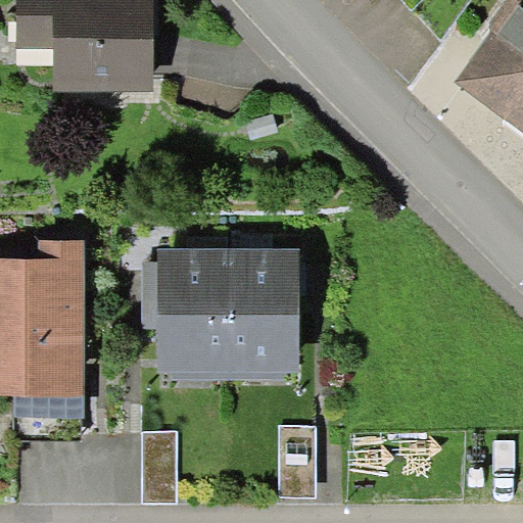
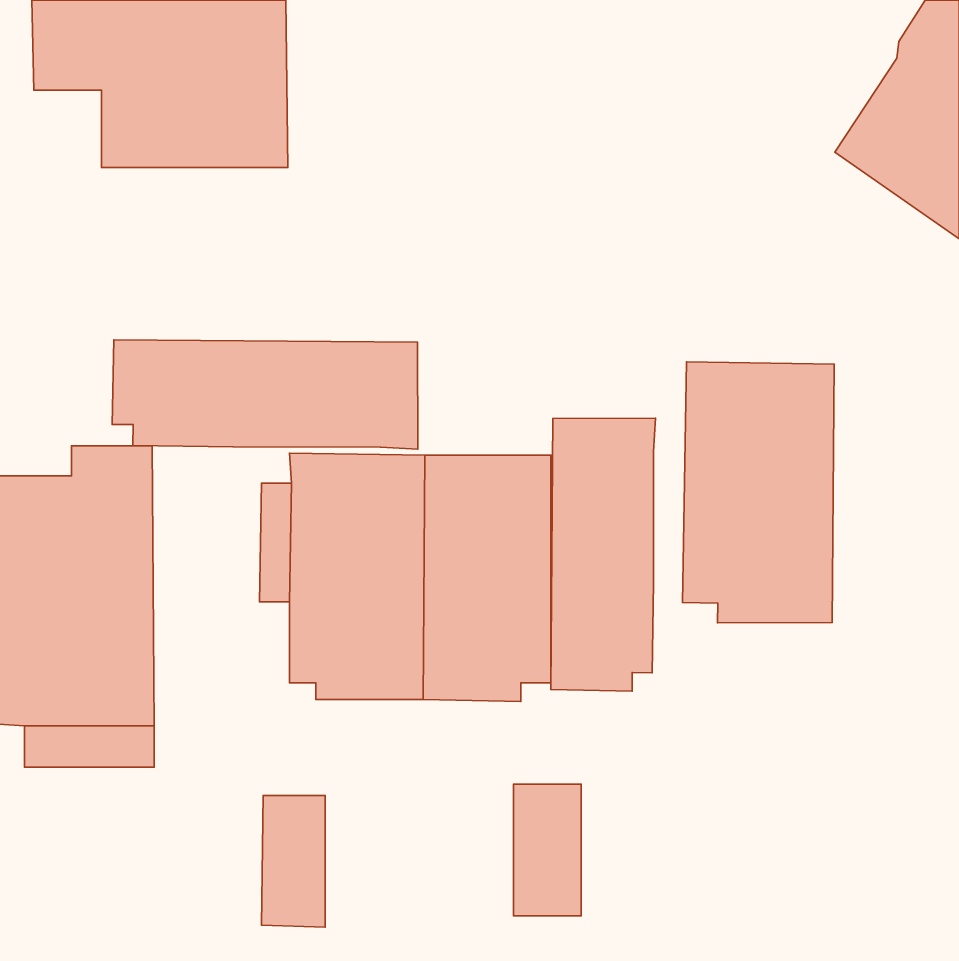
building: none -> [112,340,418,449]
building: none -> [682,362,834,623]
building: none -> [551,418,656,691]

